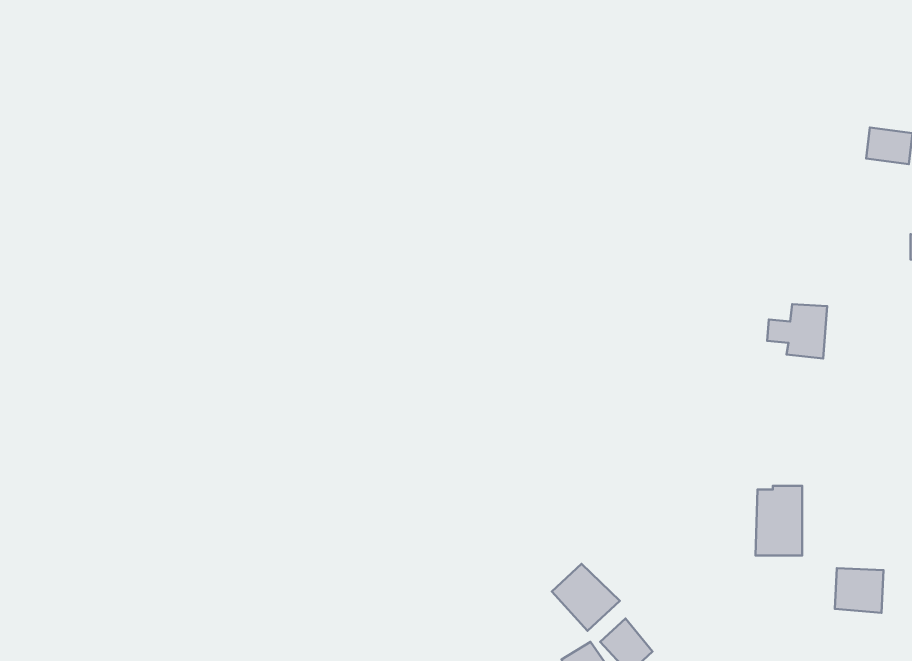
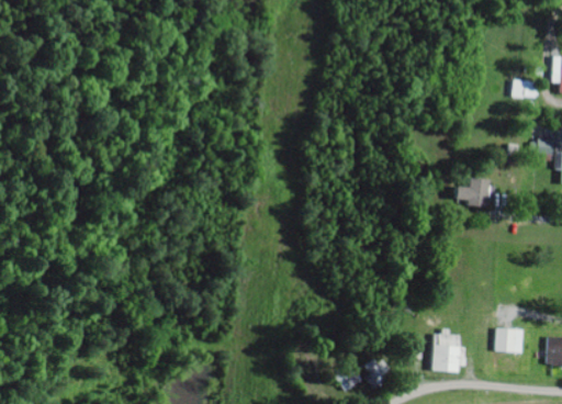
building: [755,486,802,556] -> [432,332,459,371]
building: [552,564,620,631] -> none

